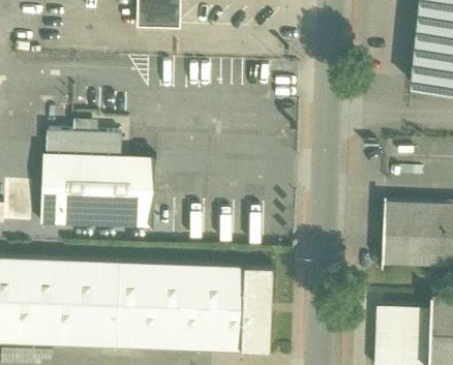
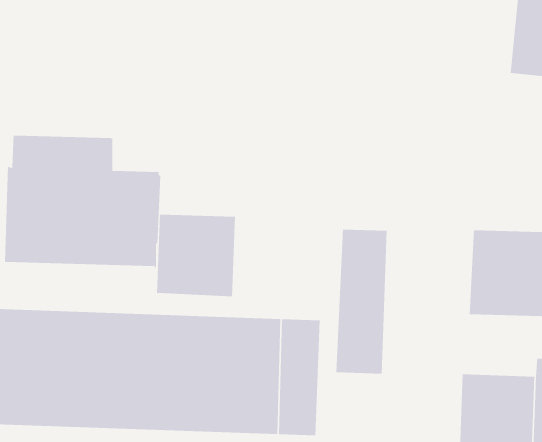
building: none -> [156,214,235,297]
building: none -> [336,229,387,374]

